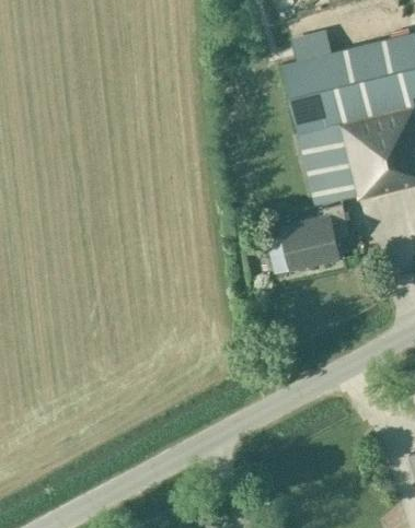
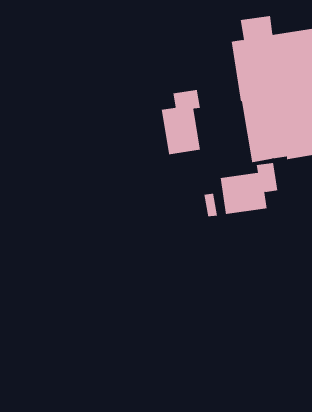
building: none -> [161,89,201,155]

